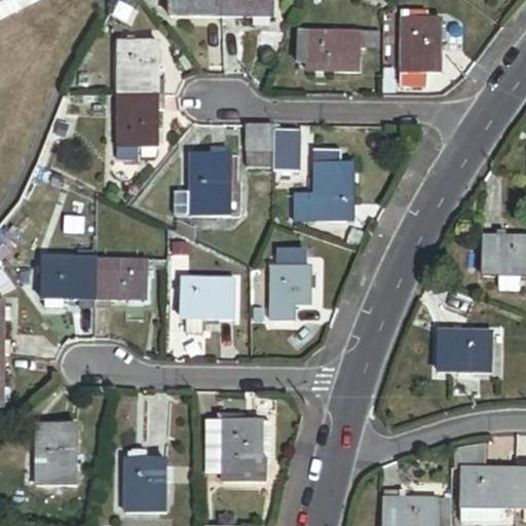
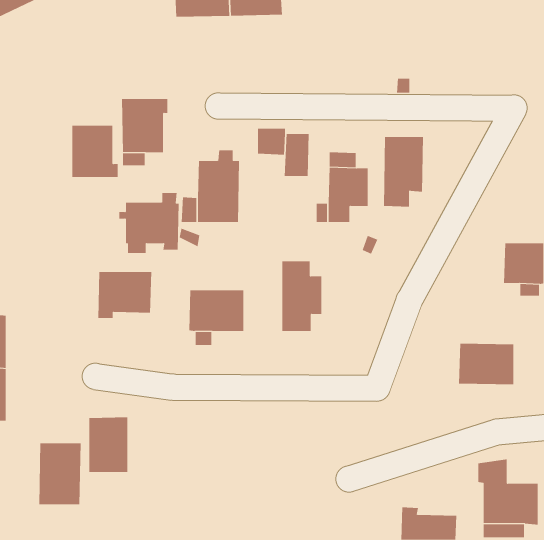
building: [399,17,438,85] -> [383,137,424,207]
building: [296,27,376,68] -> none
building: [116,44,161,95] -> [72,125,119,177]
building: [36,251,95,309] -> [119,192,180,253]
building: [203,413,265,480] -> none
building: [127,460,165,514] -> [88,417,128,472]

